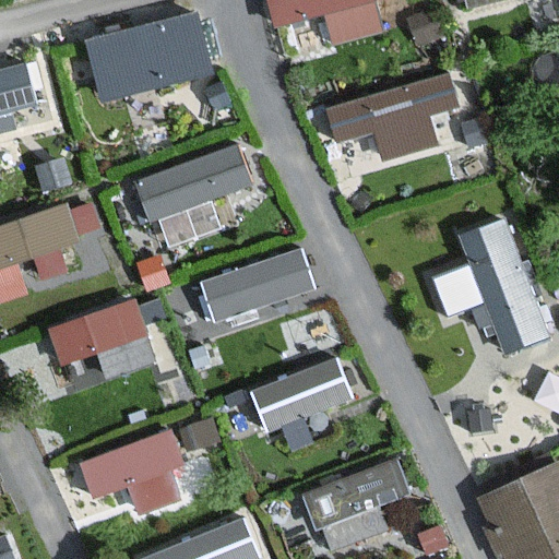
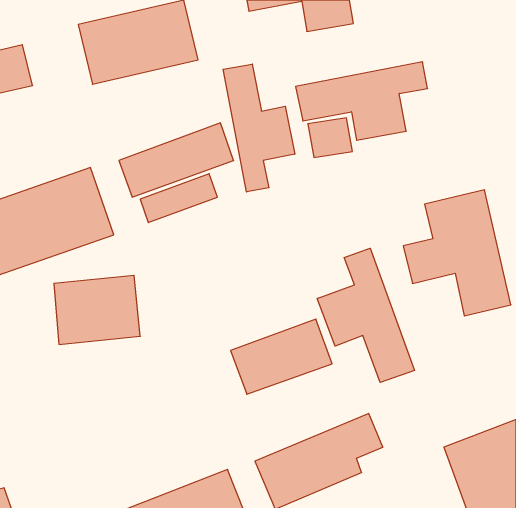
building: none -> [223,64,295,192]
building: [203,247,317,323] -> none
building: none -> [317,248,415,382]
building: [75,431,186,521] -> none

